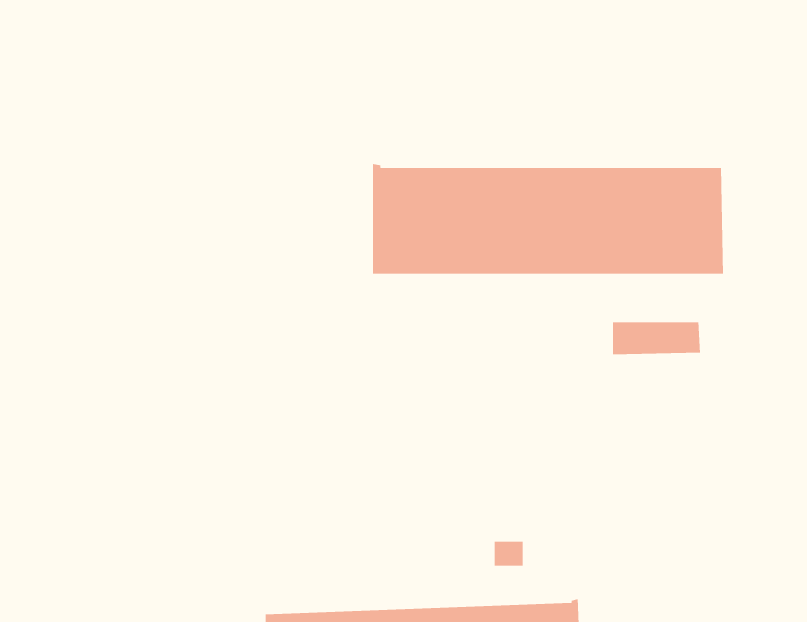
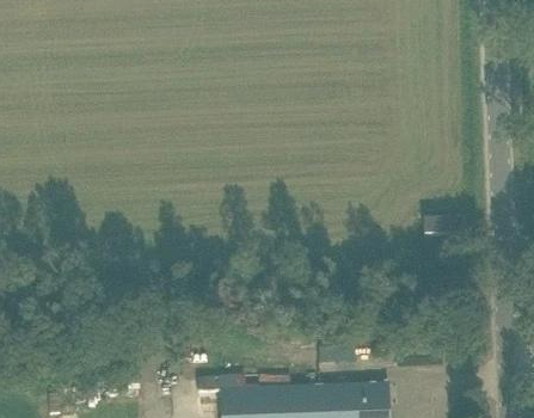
building: [372,163,724,274] -> none

